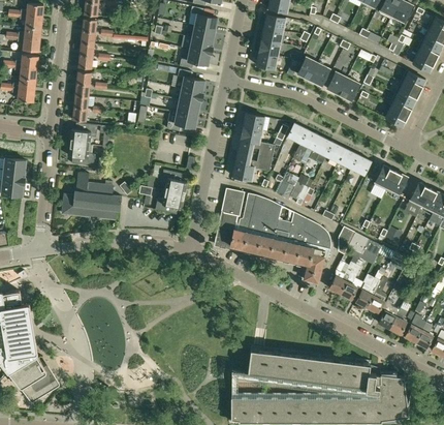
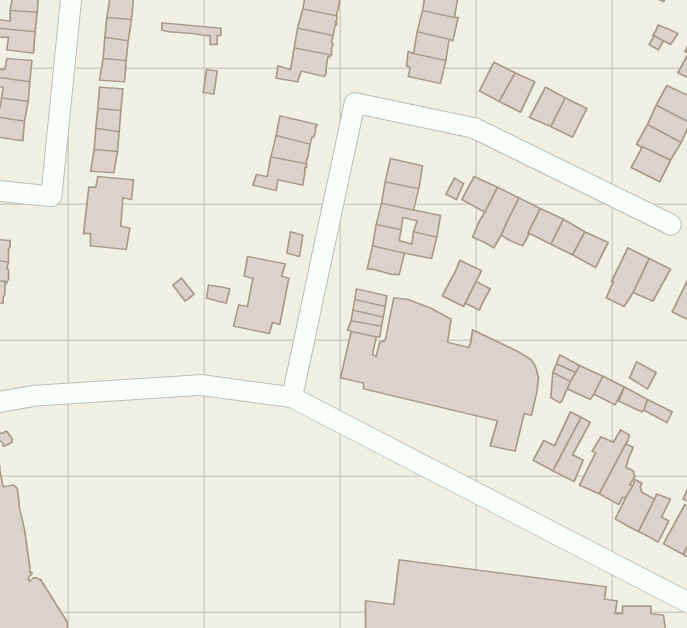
building: [176,69,204,93] -> none
building: [62,173,122,219] -> none

